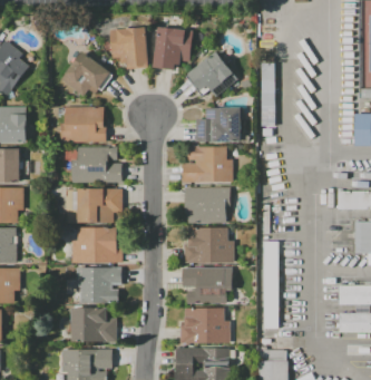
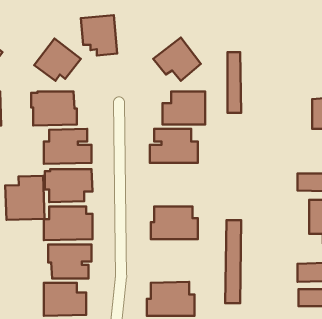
building: [153,27,193,70] -> none
building: [184,186,230,222] -> none
building: none -> [5,176,44,220]
building: [182,266,232,302] -> none

